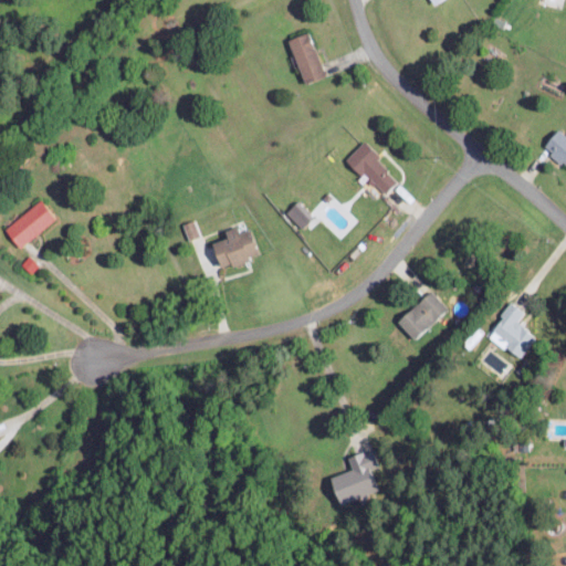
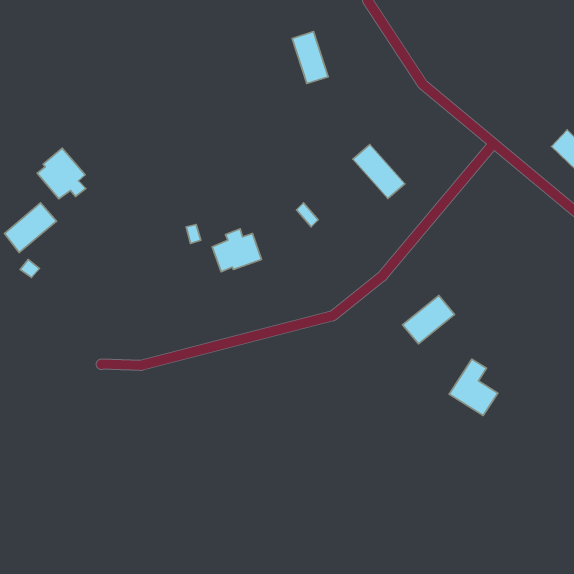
building: none -> [37,148,86,199]
building: [488,304,535,359] -> [449,359,498,416]
building: [331,453,378,505] -> none

